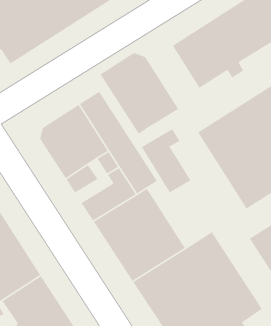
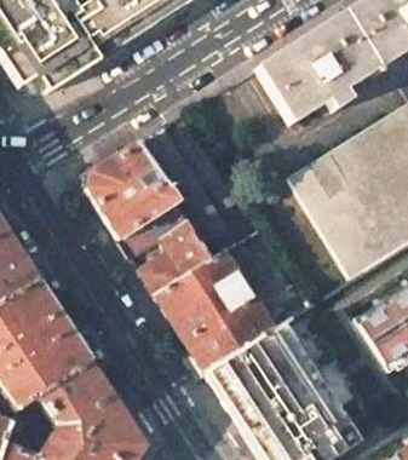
building: [100,52,179,135] -> none
building: [141,128,191,193] -> none

